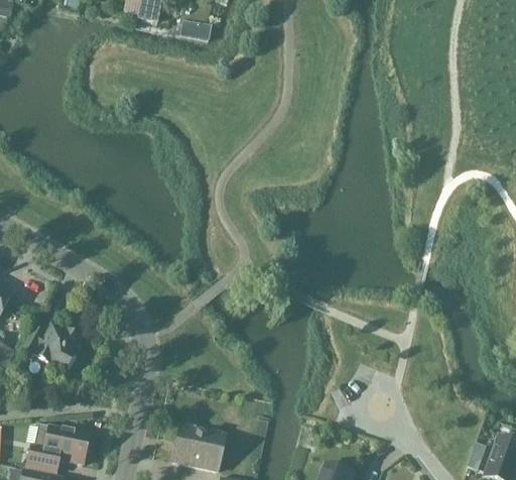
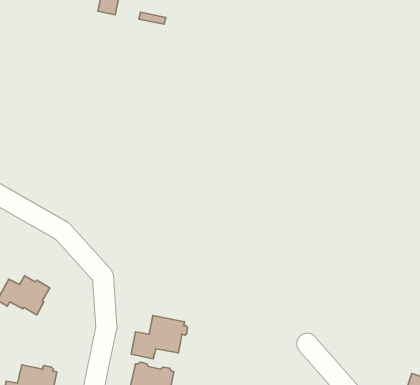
building: none -> [131,316,187,359]

